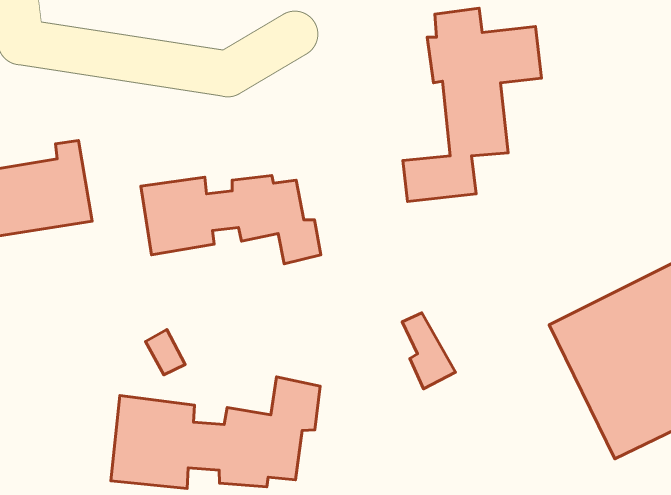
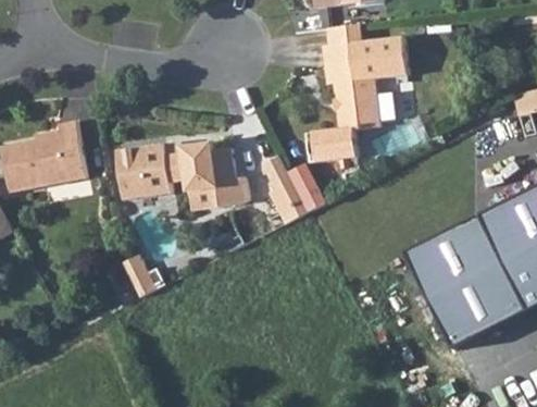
building: [402,313,455,389] -> [266,158,304,212]
building: [111,377,320,489] -> none

